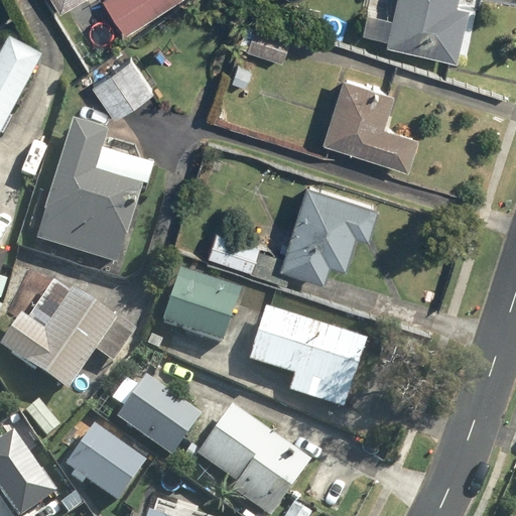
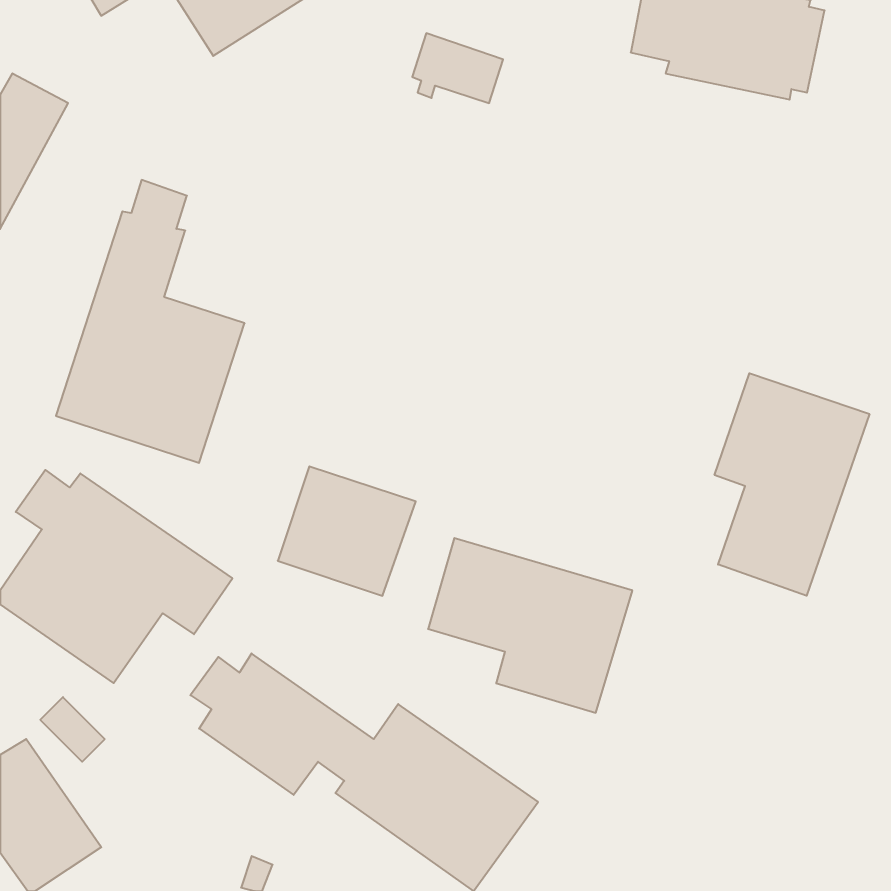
building: [92,54,155,116] -> none
building: [322,73,418,166] -> none
building: [207,180,379,281] -> none
building: none -> [715,373,869,596]
building: [69,421,146,496] -> none

